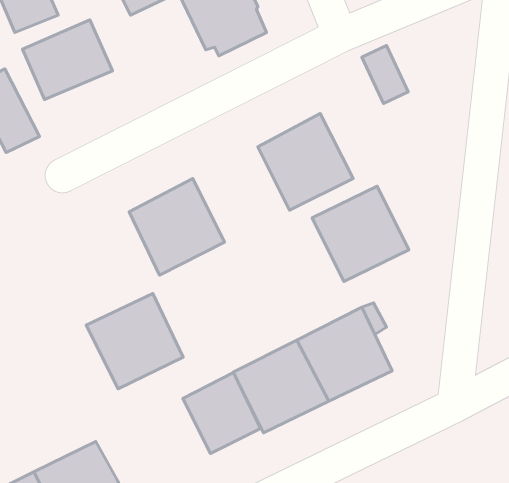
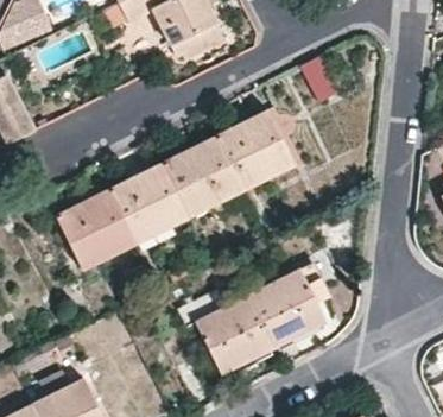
building: [23,20,113,99] -> none
building: [312,186,409,282] -> [163,137,242,215]
building: [86,294,183,389] -> [56,190,135,268]
building: [183,373,260,453] -> none

